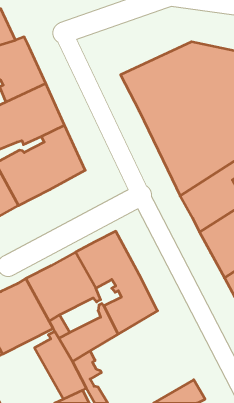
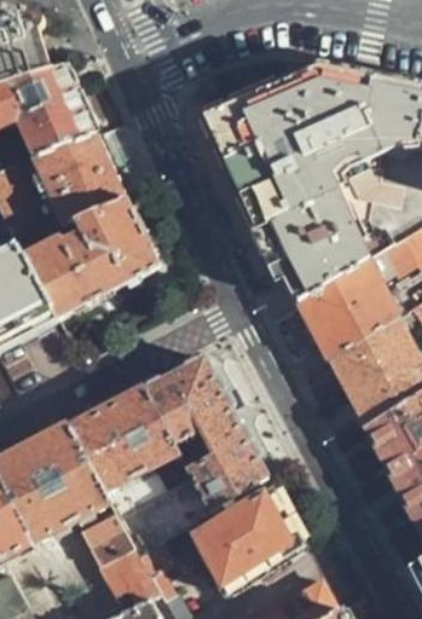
building: none -> [191,484,302,592]

